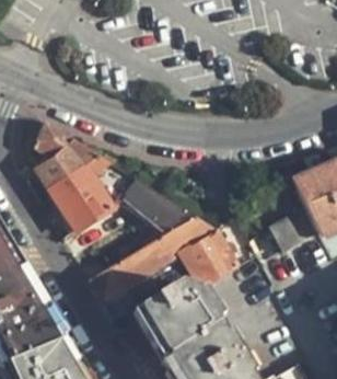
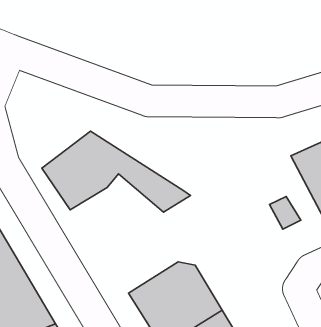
building: [35,123,95,191] -> none
building: [89,217,239,299] -> none

